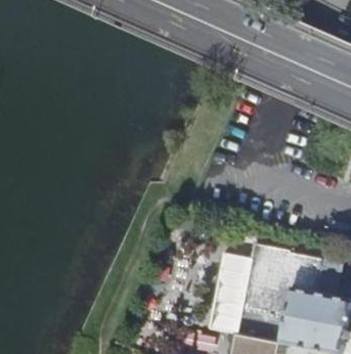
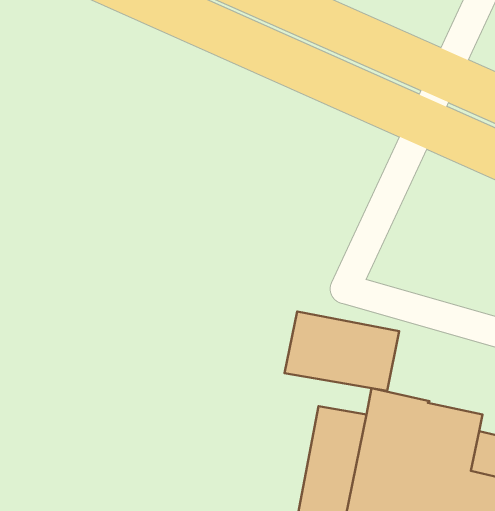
building: none -> [285,312,399,391]

